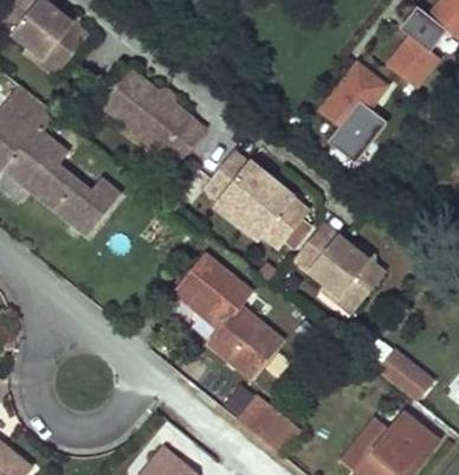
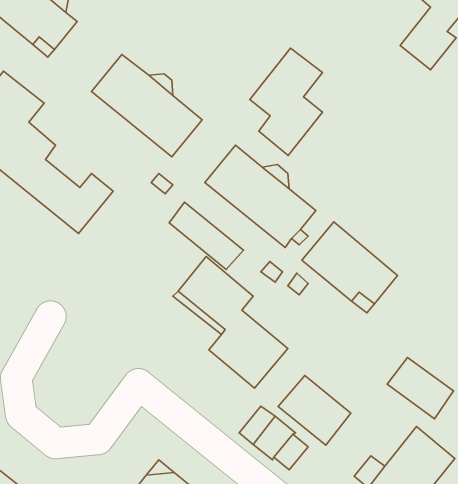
building: [319,59,387,159] -> [250,48,322,156]
building: none -> [169,202,244,269]
building: none -> [278,375,351,445]

